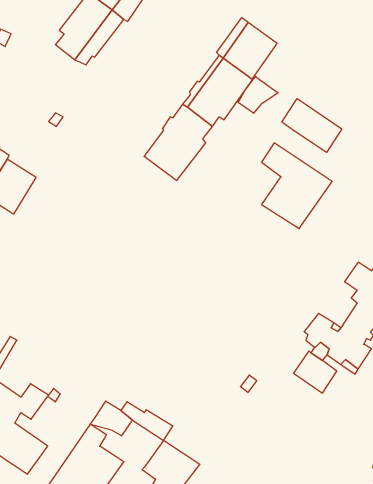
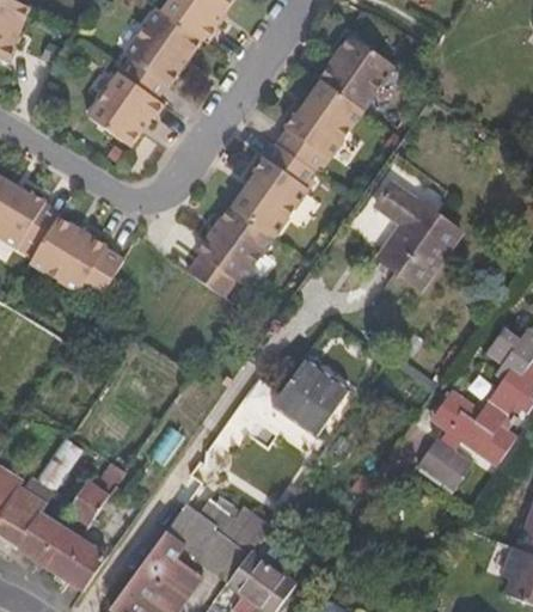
building: none -> [85,65,161,140]
building: [238,76,278,113] -> none
building: [282,99,342,152] -> none
building: none -> [182,201,269,294]
building: none -> [67,230,124,289]
building: none -> [271,361,345,435]
building: none -> [161,531,252,589]

